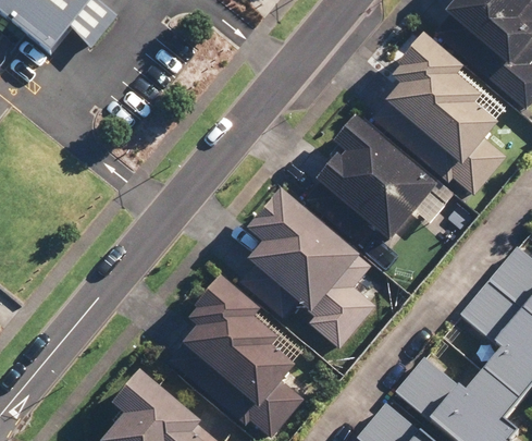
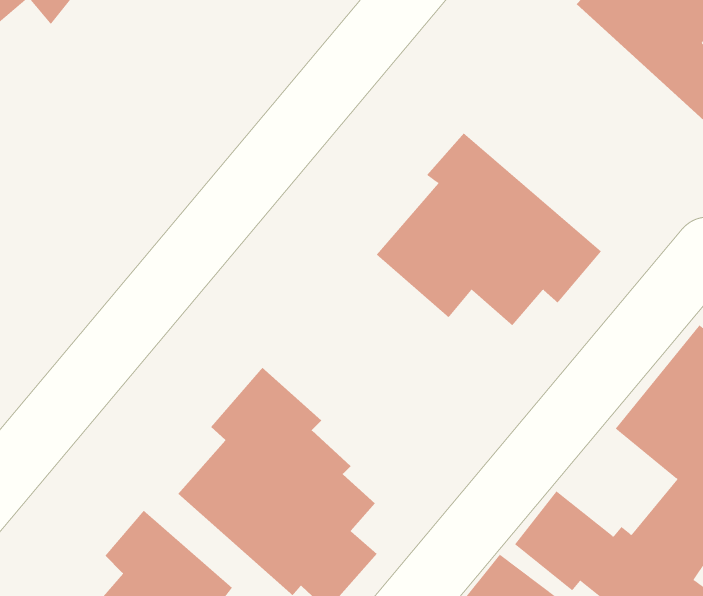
building: [351,32,505,196] -> none
building: [233,185,375,348] -> none

